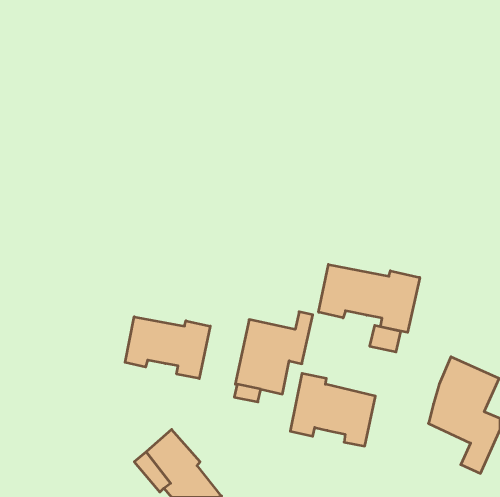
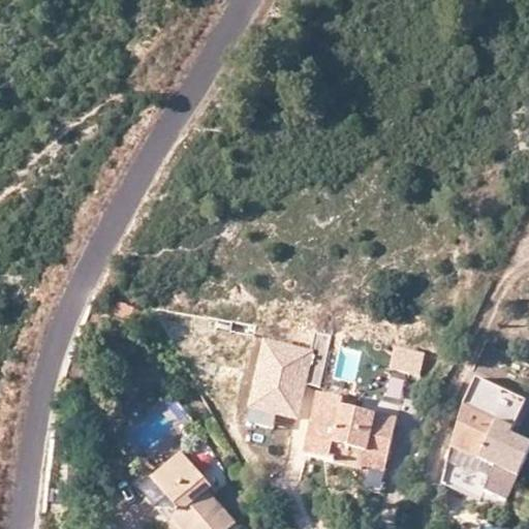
building: [319,264,420,332] -> none
building: [125,317,210,379] -> none
building: none -> [444,446,496,491]

